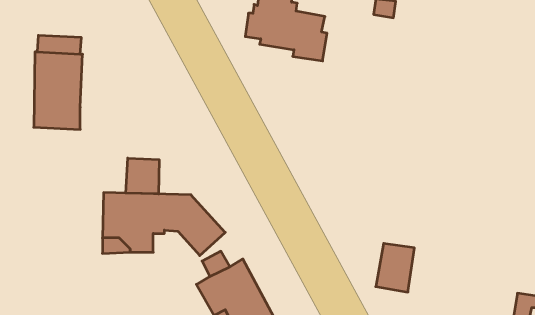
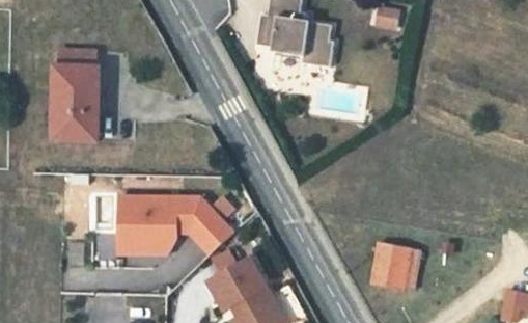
building: [126,158,159,194] -> none

